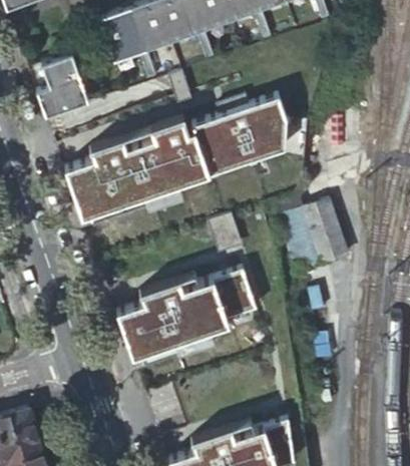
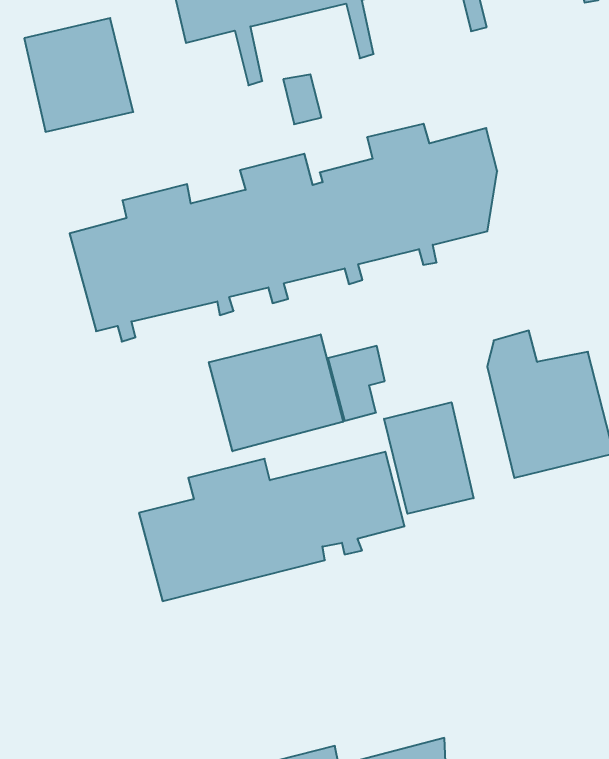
building: none -> [209,334,343,451]
building: none -> [384,402,474,514]

